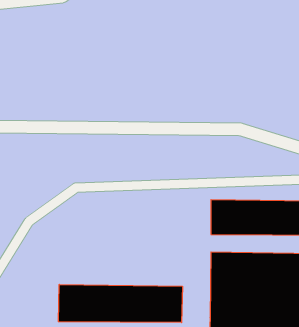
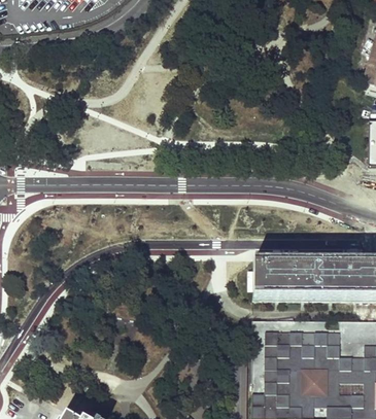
building: [58,284,182,323] -> none

